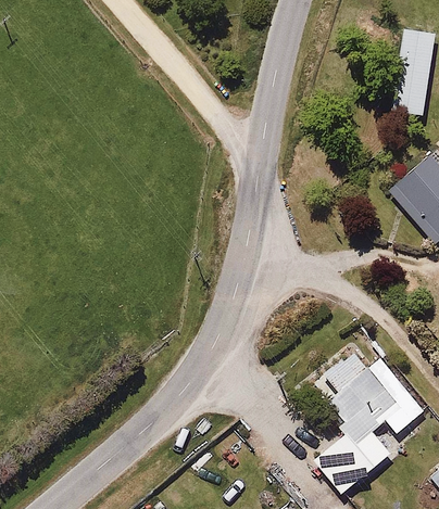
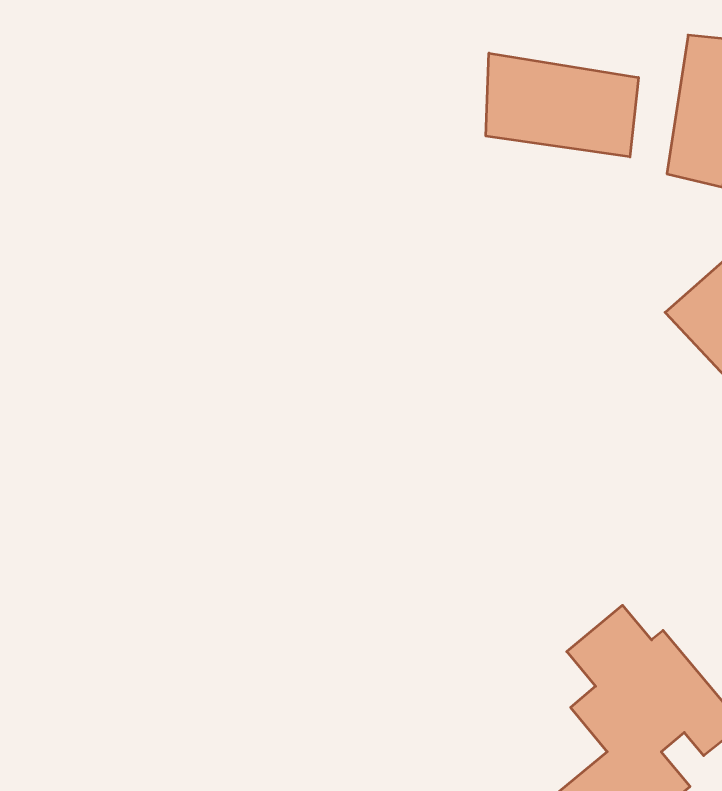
building: none -> [486,53,638,157]

